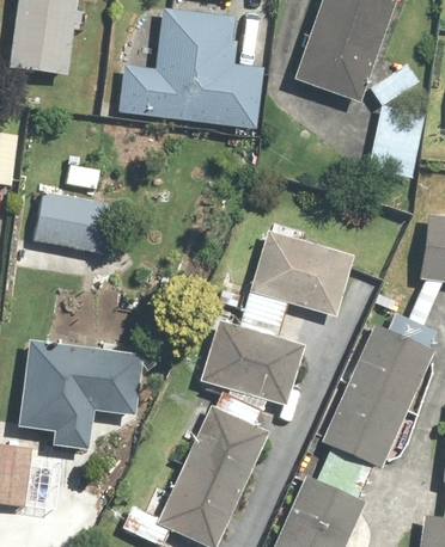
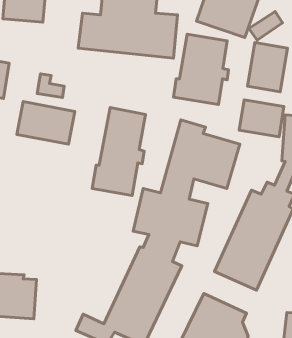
building: none -> [174,34,228,104]
building: none -> [239,100,284,137]
building: none -> [92,108,146,196]
building: [18,340,146,453] -> none

